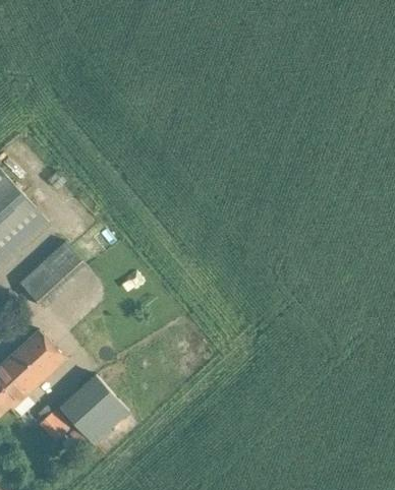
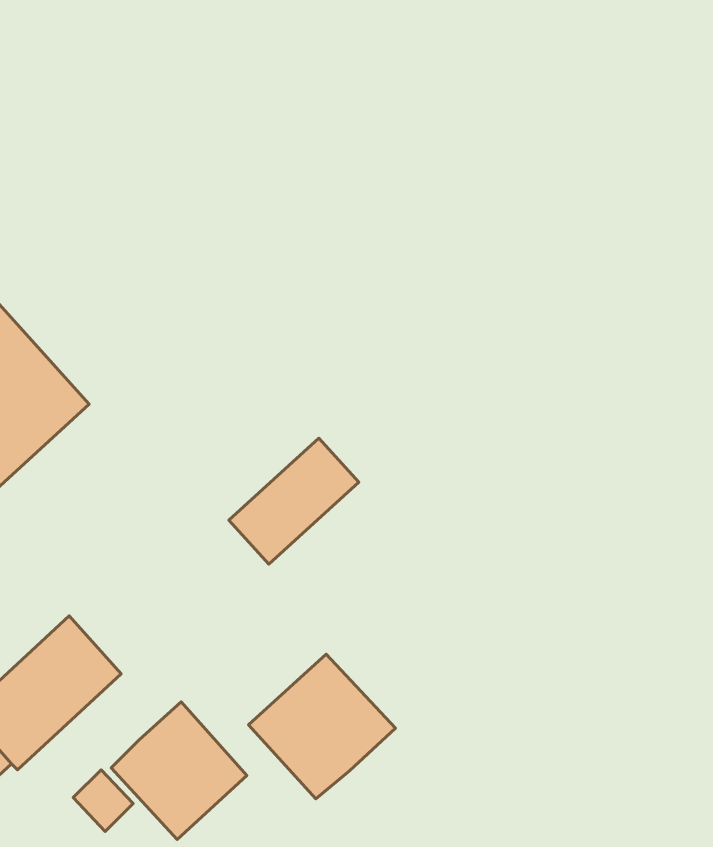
building: [15,243,81,307] -> [229,438,359,564]
building: none -> [249,654,396,799]

